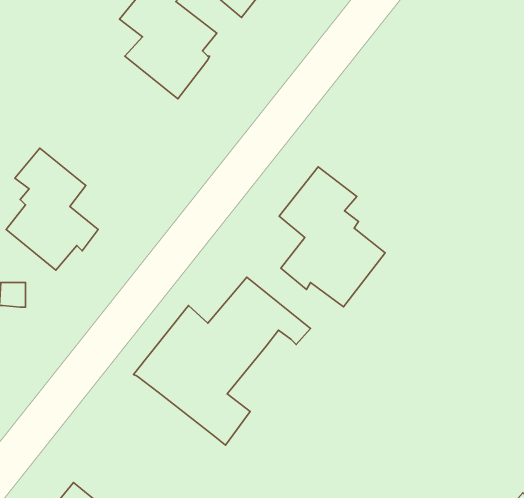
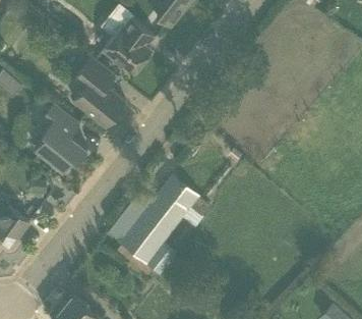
building: none -> [73,58,126,128]
building: [279,167,385,307] -> none

